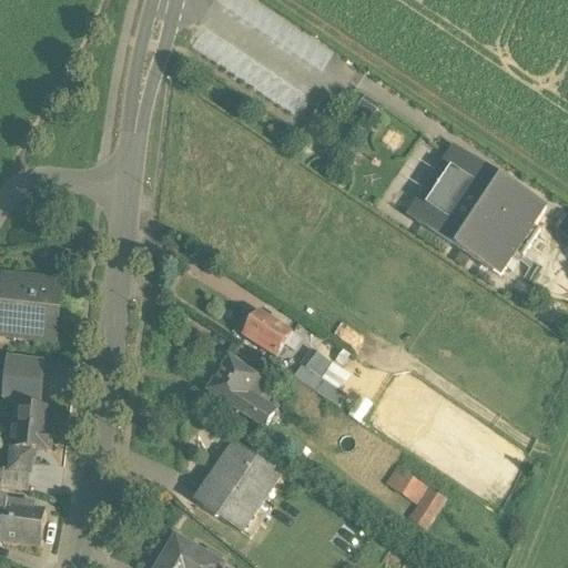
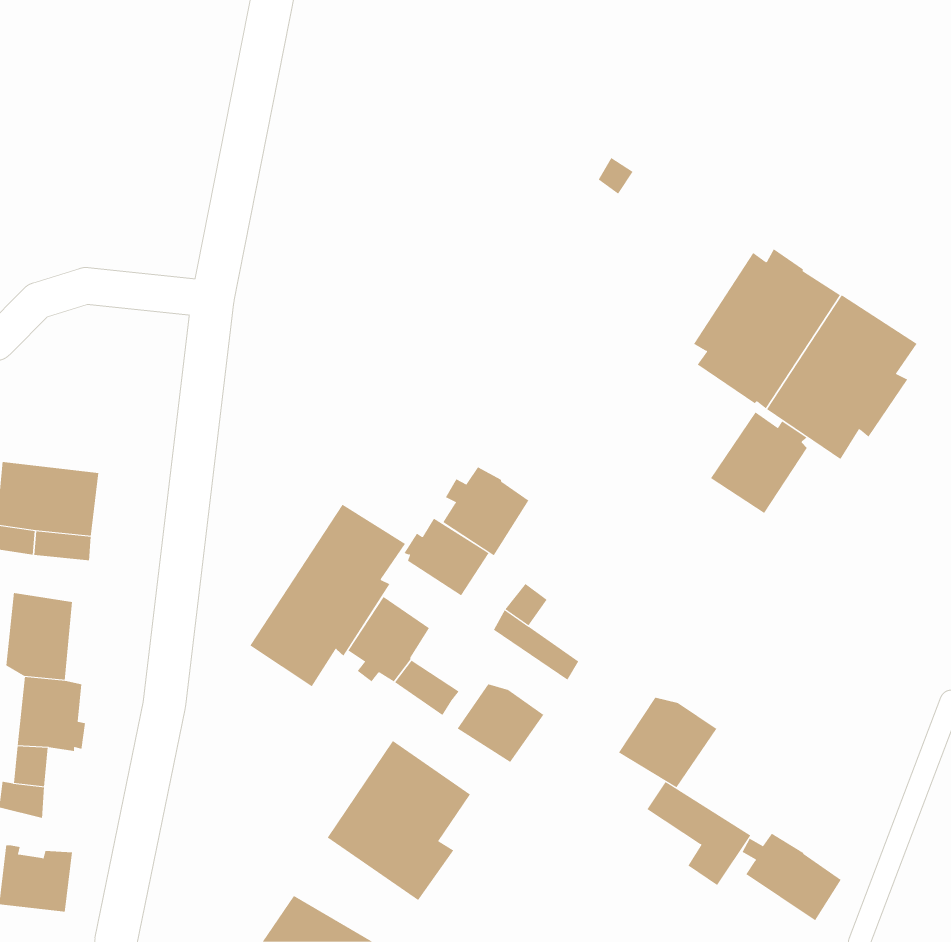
building: none -> [710,411,808,514]
building: none -> [442,467,529,556]
building: none -> [250,504,406,687]
building: none -> [457,683,544,763]
building: none -> [618,697,717,788]
building: none -> [742,833,842,921]

